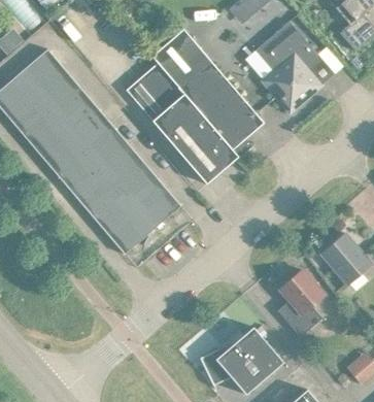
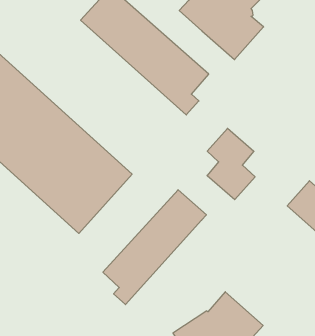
building: [126,62,238,183] -> none
building: none -> [103,190,206,305]
building: [277,269,324,336] -> [207,128,255,200]

